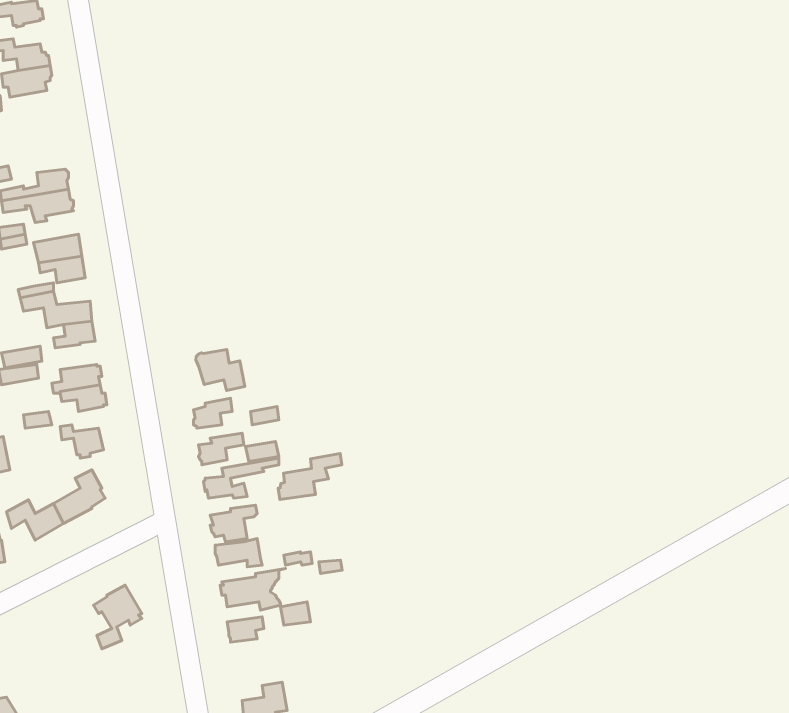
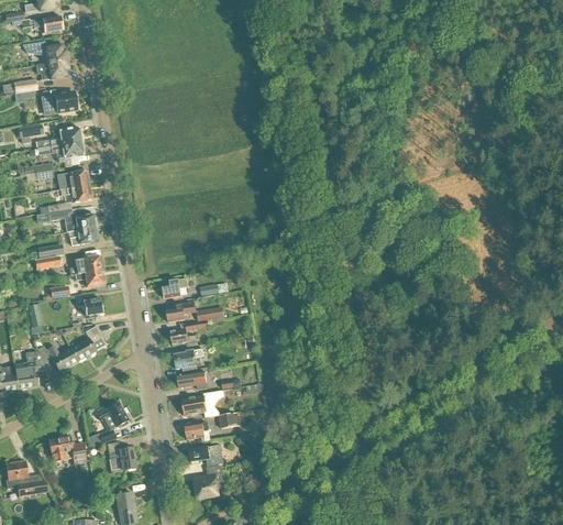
building: none -> [43,89,77,112]
building: [196,349,245,390] -> none
building: [278,454,342,499] -> none
building: none -> [48,434,84,461]
building: none -> [107,441,136,471]
building: none -> [189,444,223,464]

